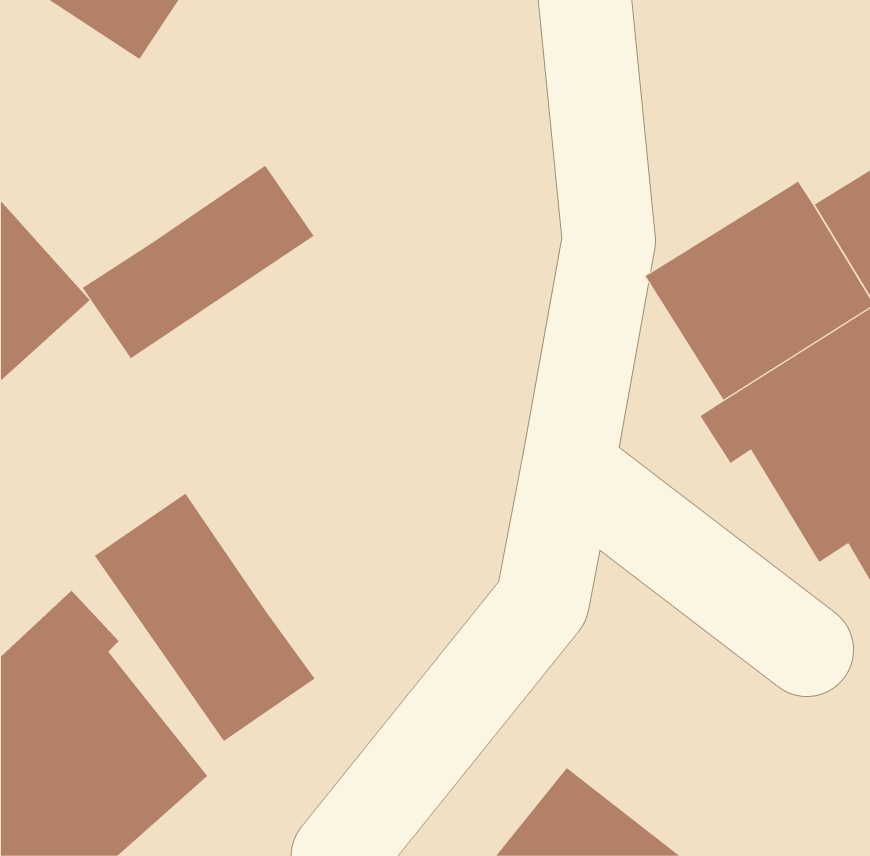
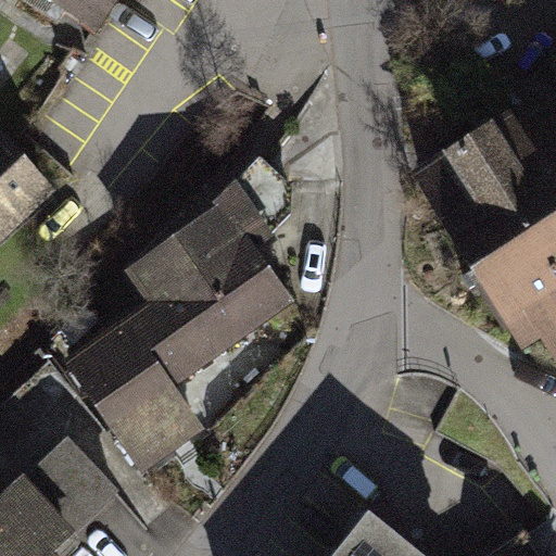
building: [82,165,314,359] -> none
building: none -> [117,194,292,389]

